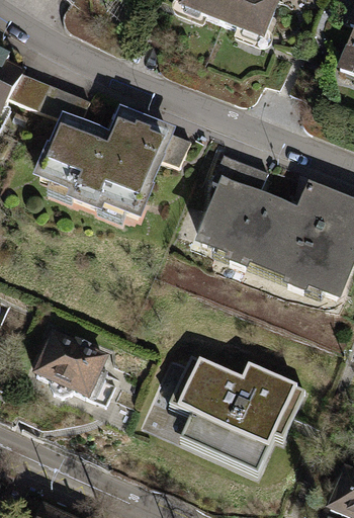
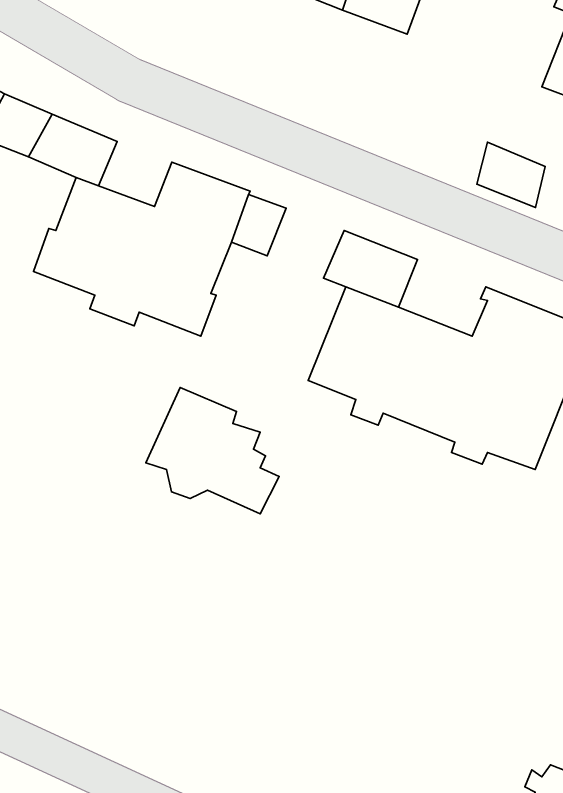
building: none -> [477,142,545,208]
building: [35,329,114,404] -> [146,388,279,514]
building: [167,355,303,459] -> none

